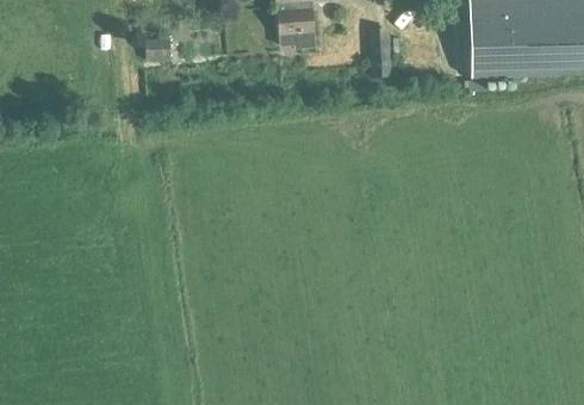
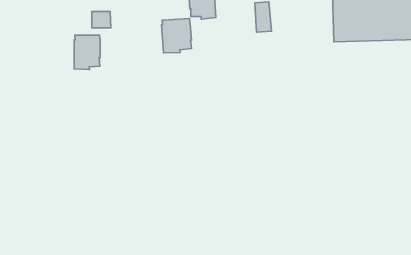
building: none -> [162,19,192,53]
building: none -> [74,35,100,70]

